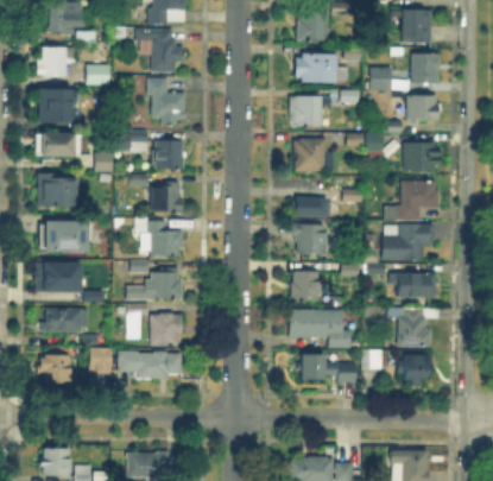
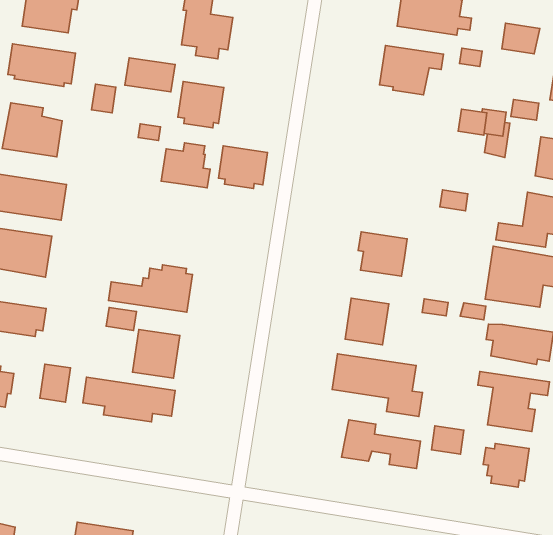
building: [293,138,325,170] -> none
building: [296,198,330,216] -> none
building: [150,230,181,257] -> [218,146,268,189]

